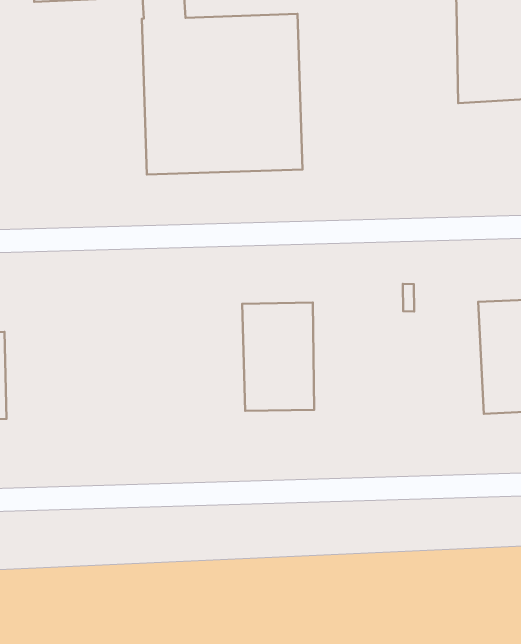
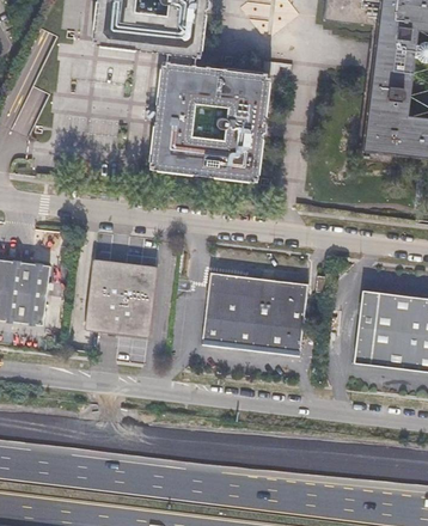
building: none -> [244,276,302,353]
building: none -> [85,259,153,334]

